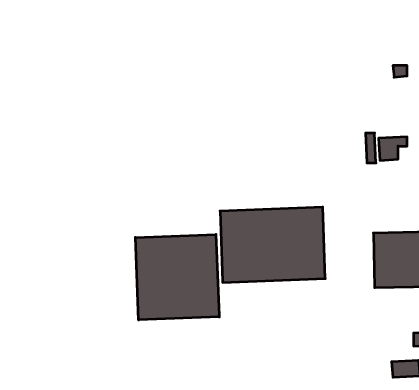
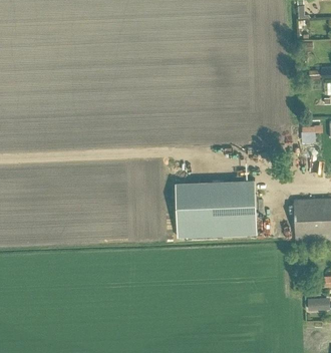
building: [135,234,219,320] -> none

